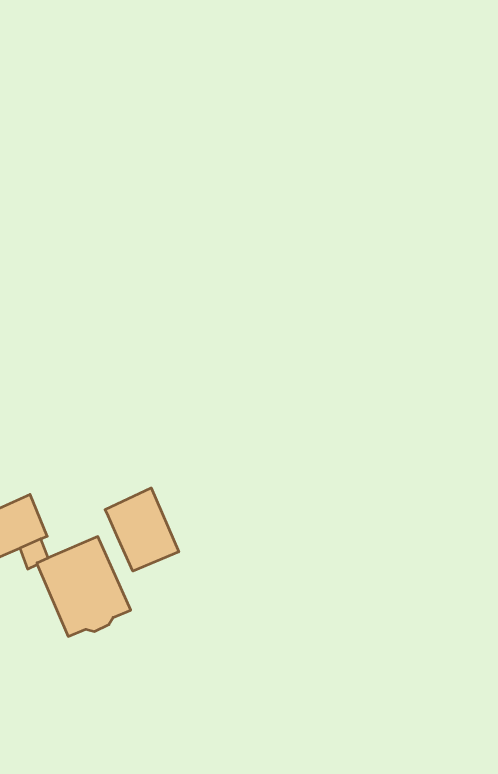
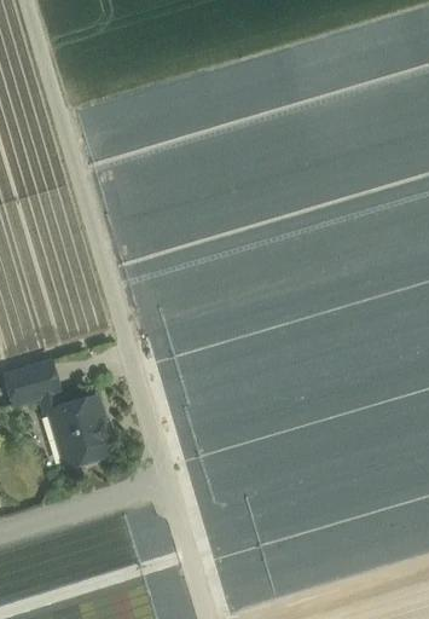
building: [105,488,179,571] -> none

